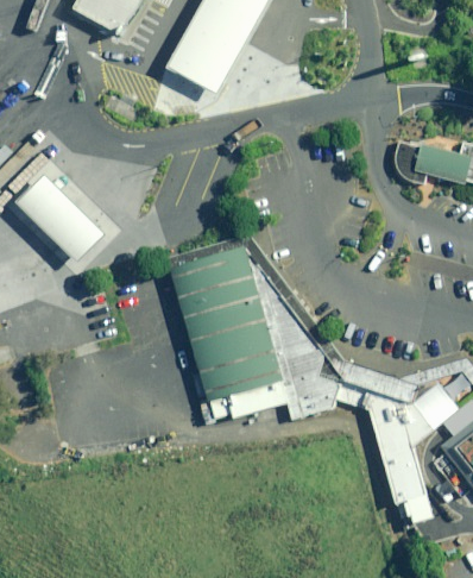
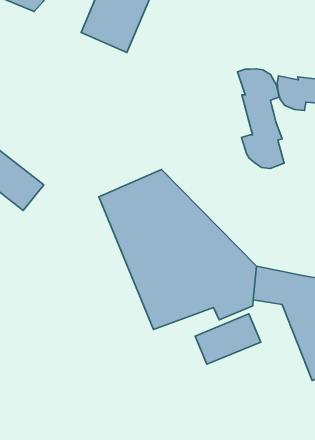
building: none -> [238,69,284,168]
building: none -> [195,314,261,364]

